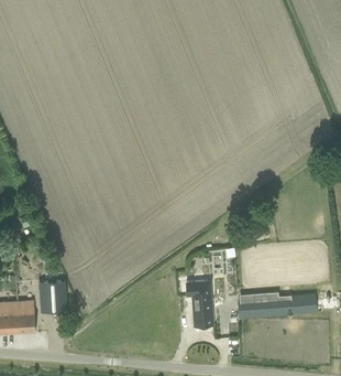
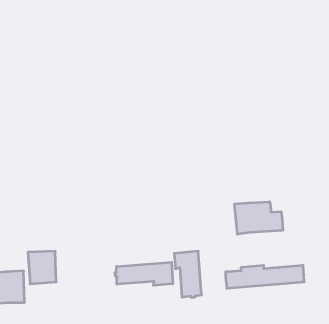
building: none -> [235,202,283,234]
building: none -> [115,262,173,285]

